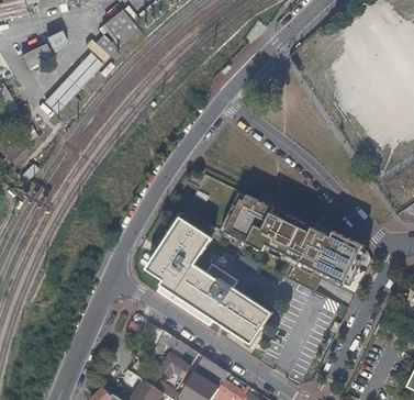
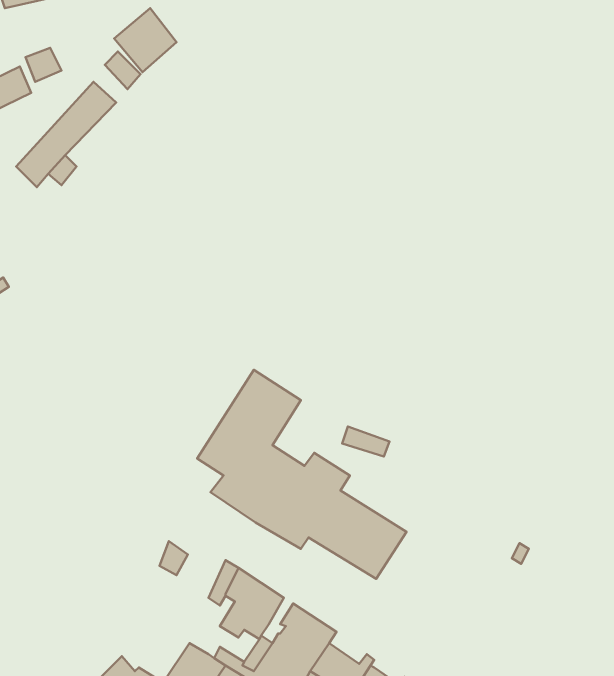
building: [223,196,363,286] -> none

